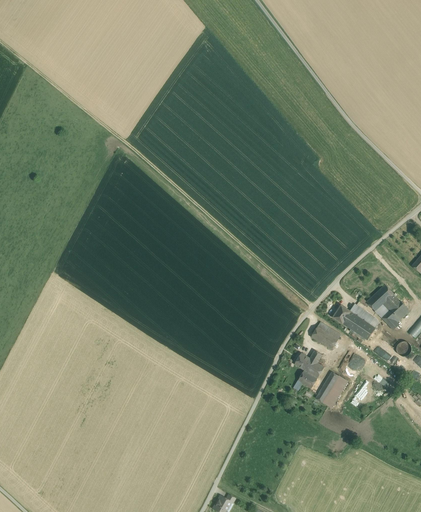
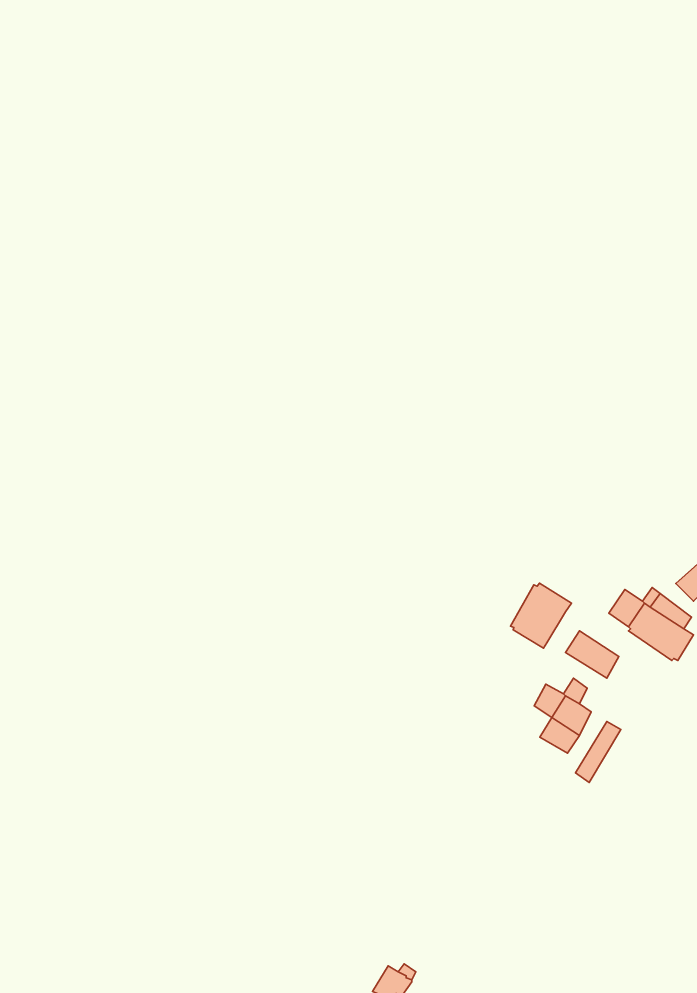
building: none -> [511,583,571,648]

